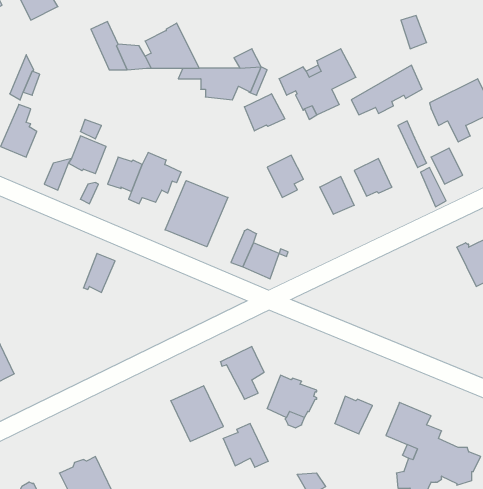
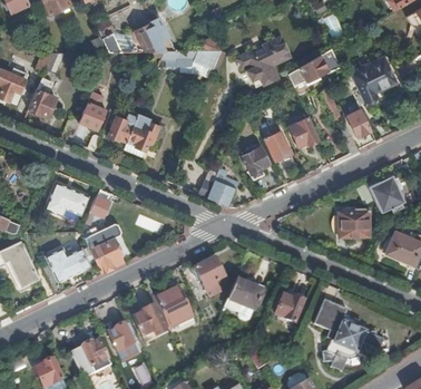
building: [244,94,285,131] -> none
building: [267,155,303,197] -> [243,148,270,179]
building: [165,181,228,247] -> none
building: none -> [45,182,89,216]
building: none -> [339,210,369,237]
building: none -> [86,224,125,273]
building: none -> [46,247,91,281]
building: [223,424,268,467] -> [134,304,167,337]
building: none -> [109,321,139,351]

